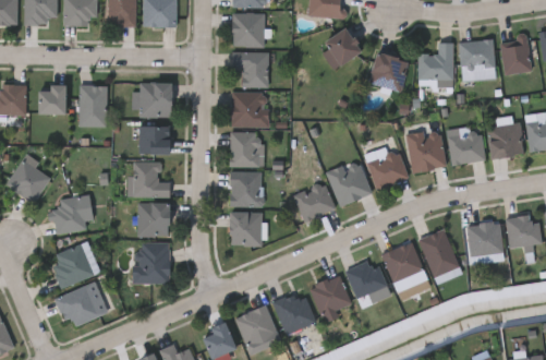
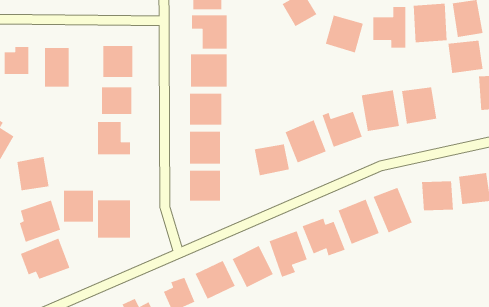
building: [486,123,523,158] -> [447,40,483,74]
building: [137,202,169,236] -> [63,190,94,223]

